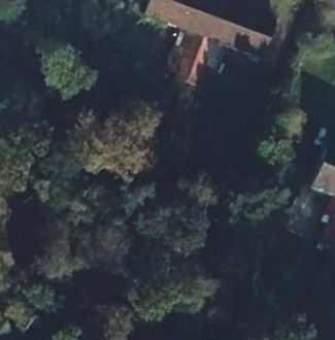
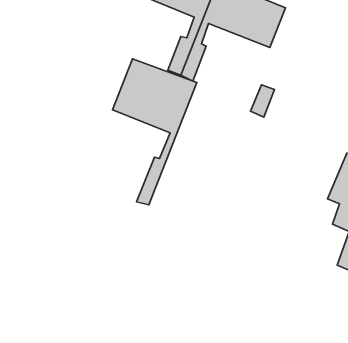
building: none -> [112,59,197,205]

